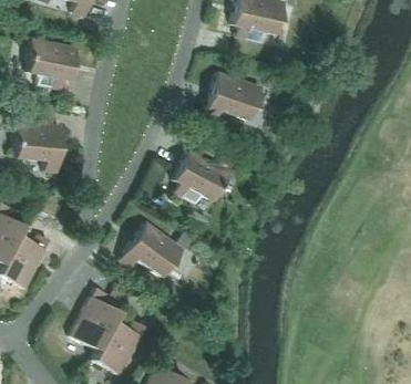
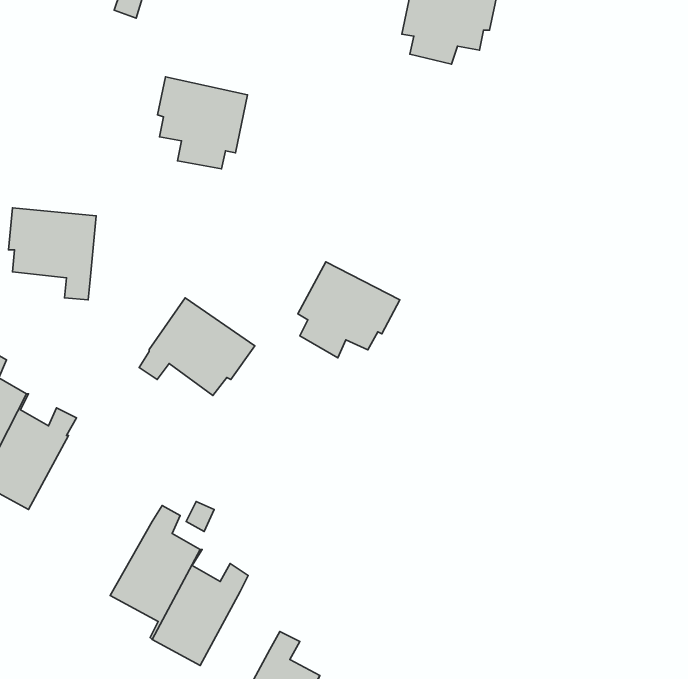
building: [25,38,75,89] -> [158,77,247,169]
building: [203,72,261,120] -> none
building: [120,221,184,276] -> [139,298,255,396]

